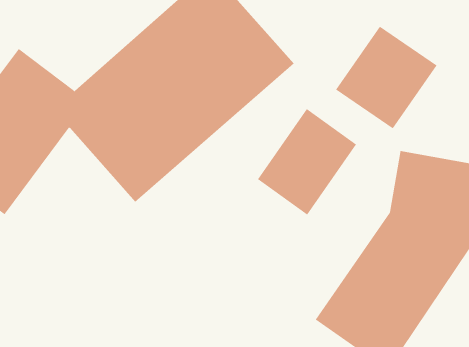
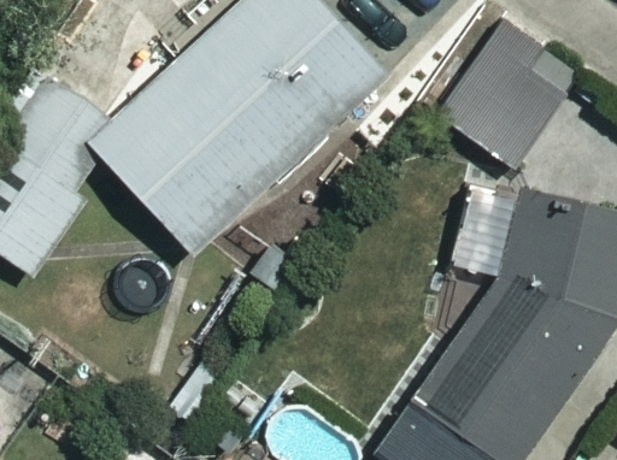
building: [257,108,357,215] -> none

